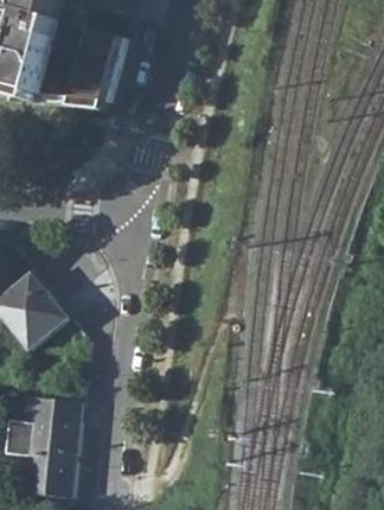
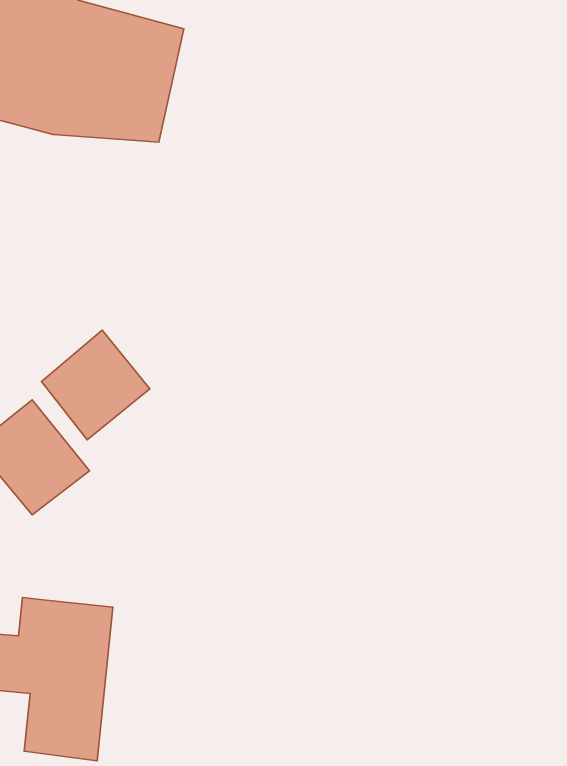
building: none -> [42,330,150,440]

